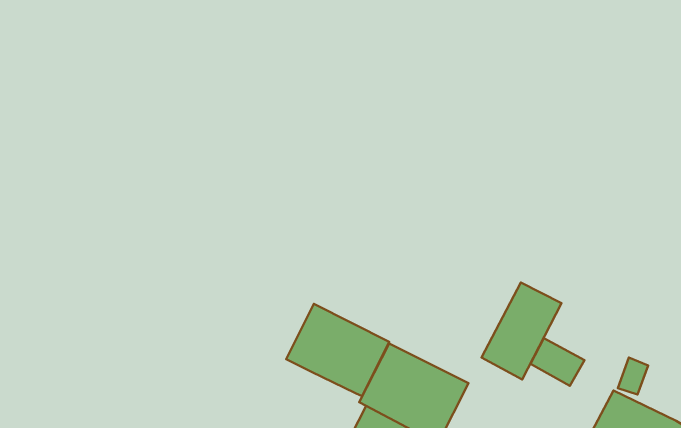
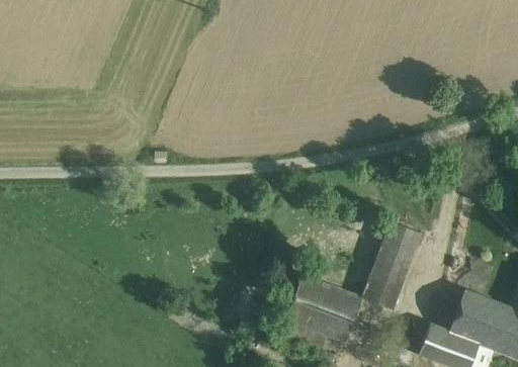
building: [286,304,389,396] -> none
building: [530,338,584,386] -> [363,277,401,308]

